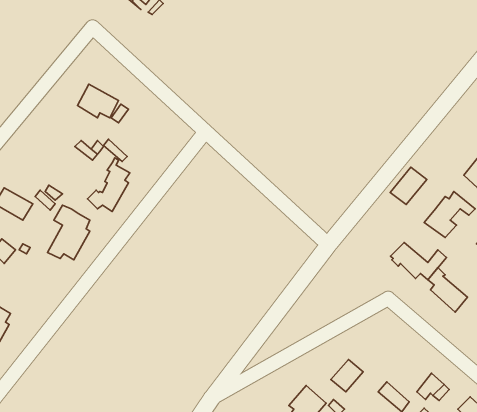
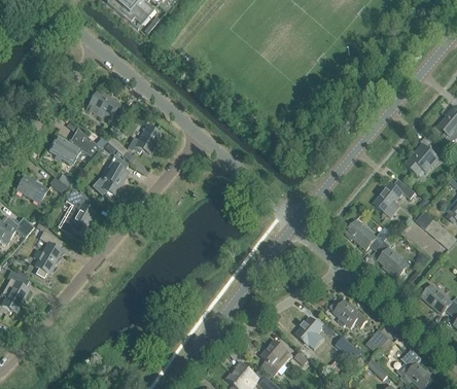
building: none -> [128,125,162,153]
building: none -> [49,136,81,163]
building: [390,167,427,205] -> none
building: none -> [34,231,63,277]
building: none -> [329,299,367,327]

